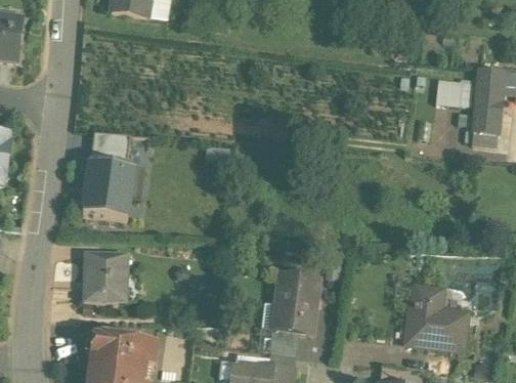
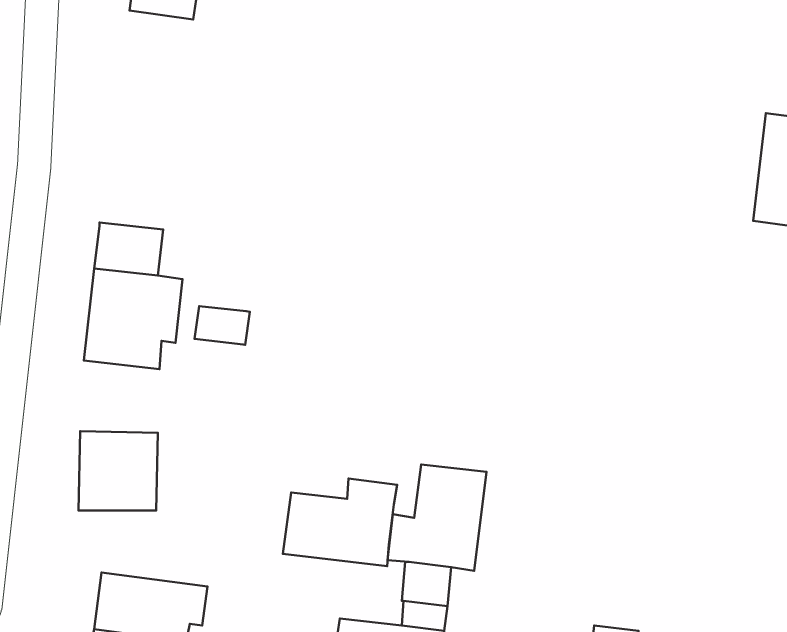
building: [435,80,462,107] -> none
building: none -> [194,306,250,345]
building: none -> [283,479,397,566]
building: [406,289,466,350] -> none

